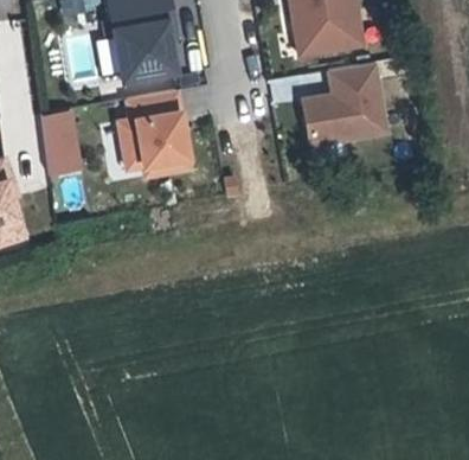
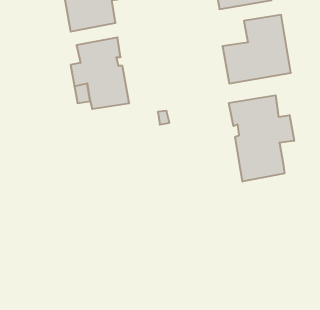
building: [41,111,82,177] -> none
building: none -> [229,95,294,182]

